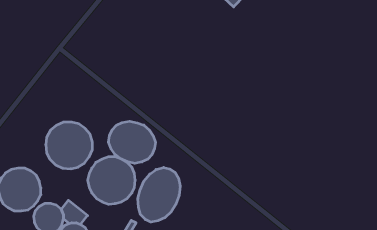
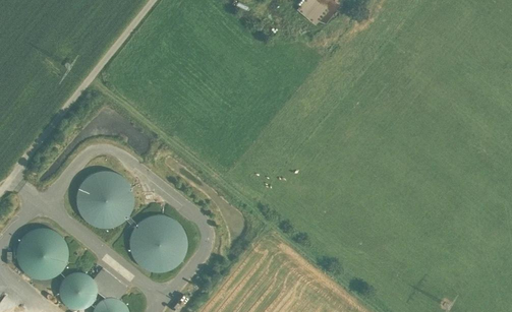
building: [109,121,156,163] -> none
building: [138,167,180,222] -> none

